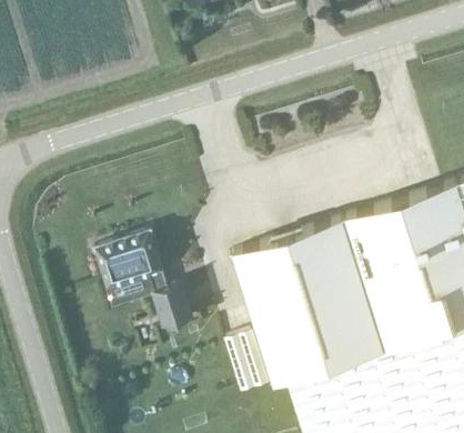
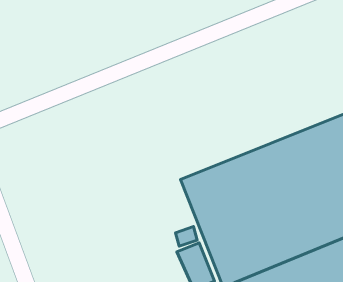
building: [95,235,193,333] -> none

